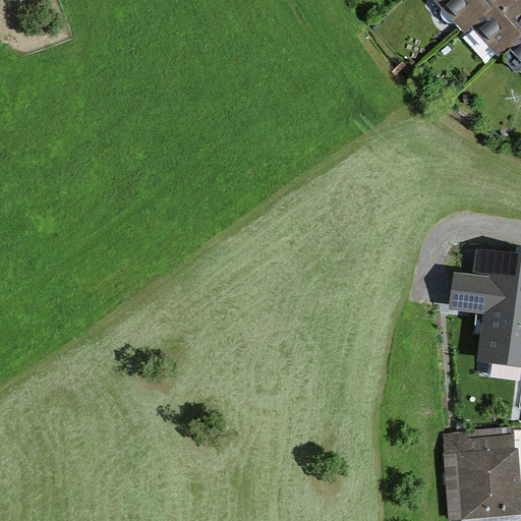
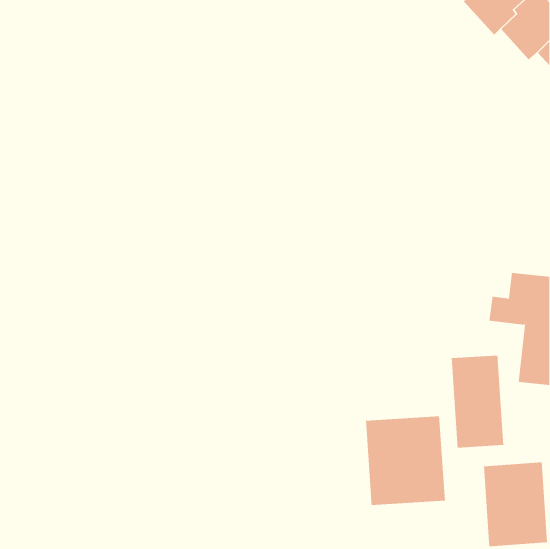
building: none -> [451,355,504,448]
building: none -> [366,416,445,506]

